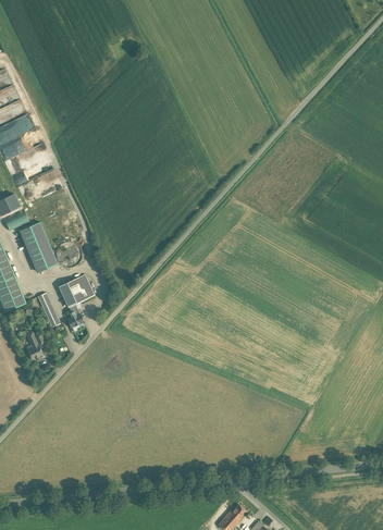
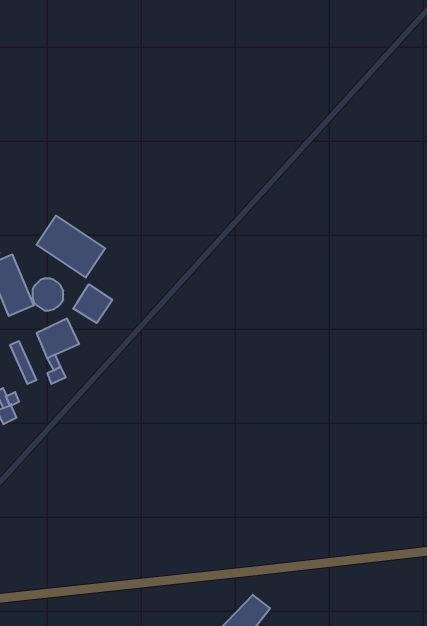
building: none -> [36,216,105,278]
building: none -> [73,284,112,323]

